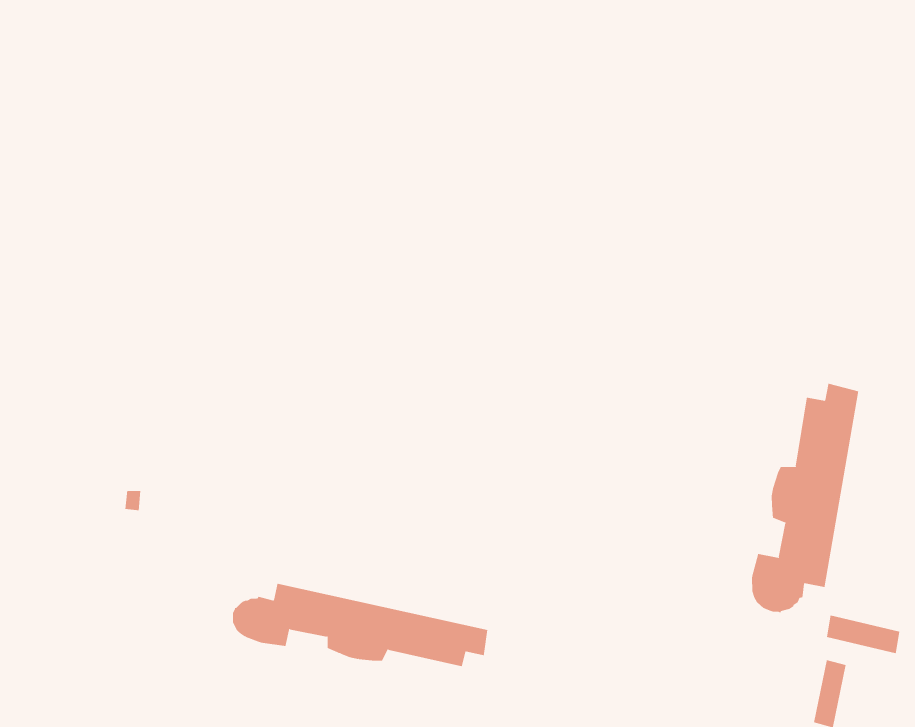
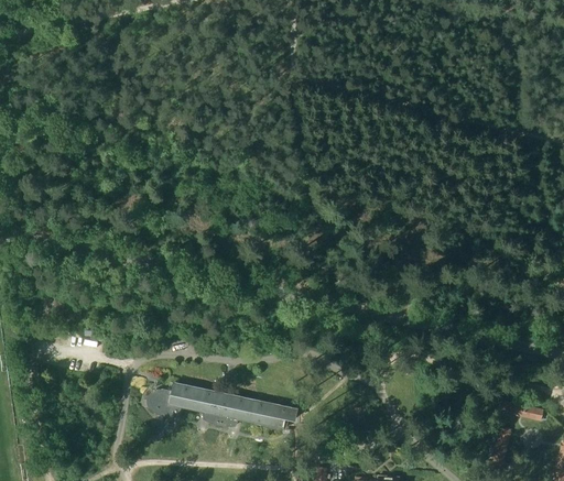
building: [752,383,859,613] -> none

